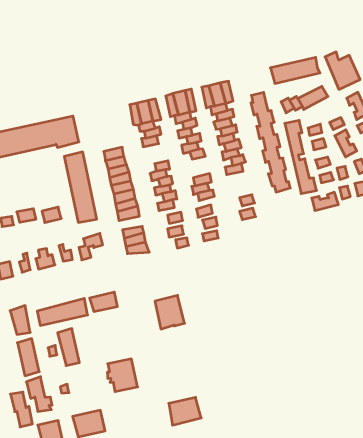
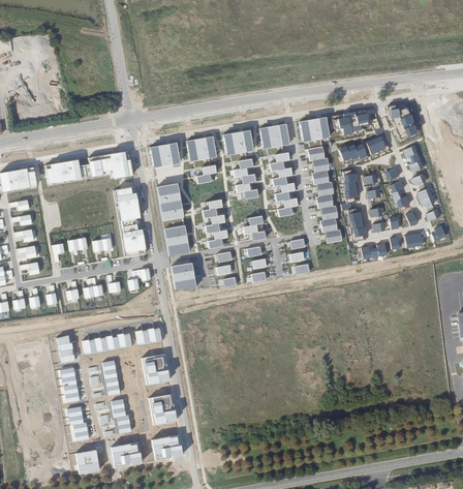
building: none -> [297,116,328,142]
building: none -> [148,142,178,167]
building: [155,295,185,329] -> [141,353,168,385]
building: [10,392,32,427] -> [111,398,130,432]
building: [169,397,201,425] -> [151,434,182,460]

